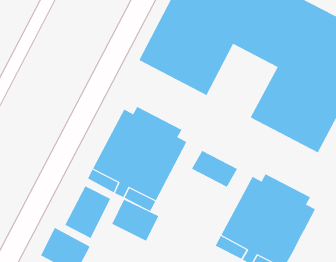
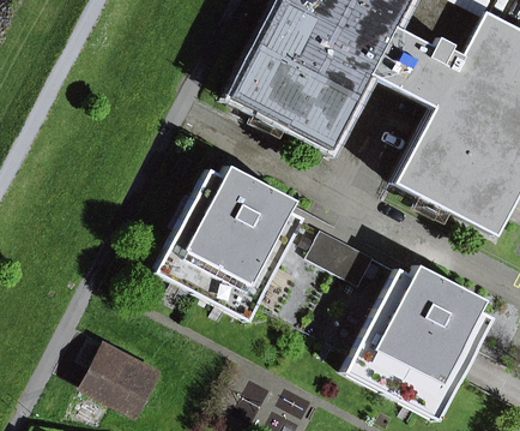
building: [64,186,111,239] -> none
building: [111,199,159,241] -> none

